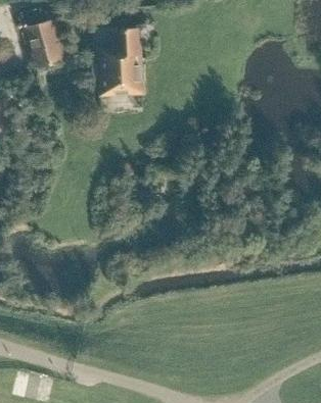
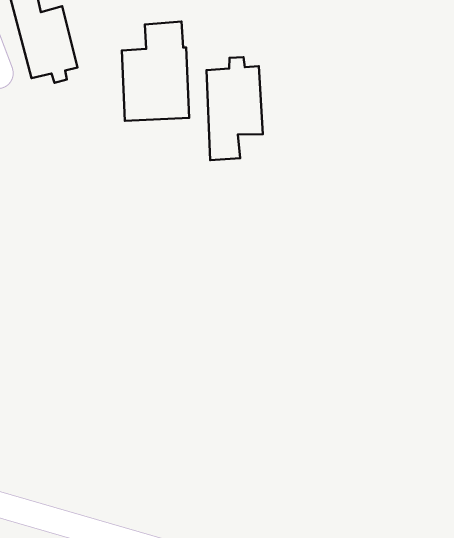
building: none -> [206,57,263,160]

